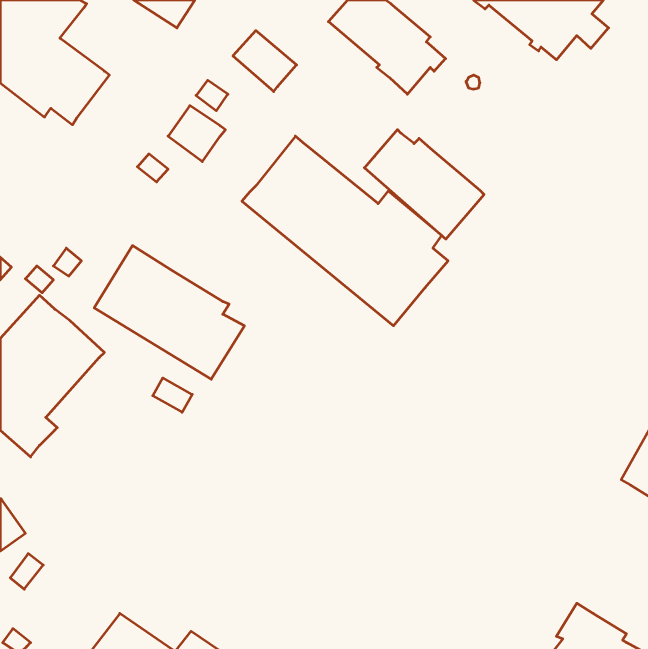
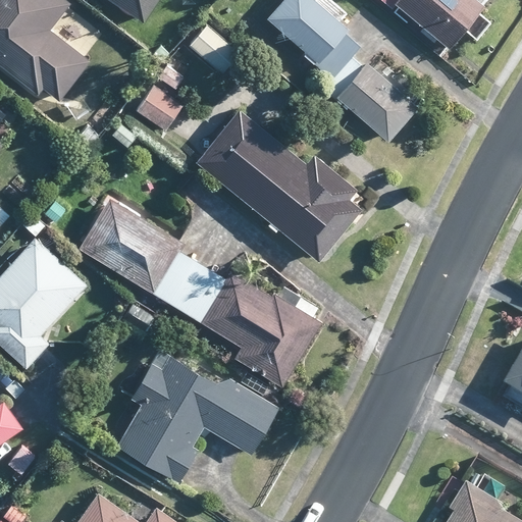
building: [364,130,484,239] -> [320,55,416,143]
building: none -> [171,262,322,387]
building: none -> [117,356,278,481]

